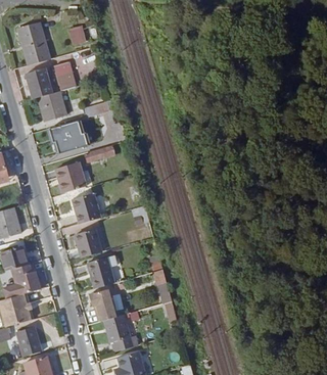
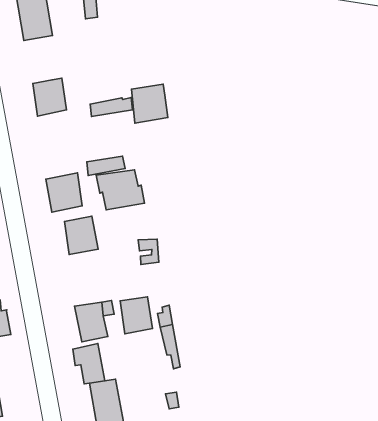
building: [54,61,76,91] -> none
building: [26,67,52,99] -> none
building: none -> [132,84,168,123]
building: [49,121,88,153] -> [96,170,145,210]
building: [75,229,101,259] -> [120,297,152,334]

